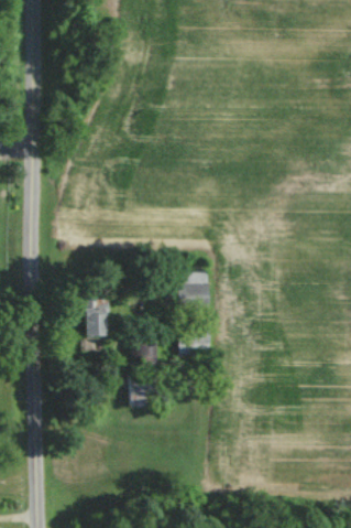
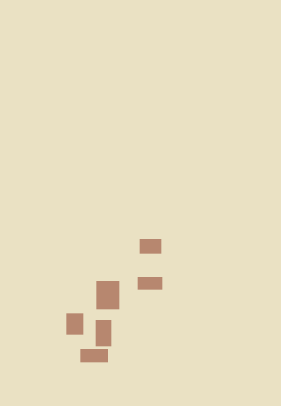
building: [86,311,107,336] -> [66,313,84,335]
building: none -> [80,348,108,363]

